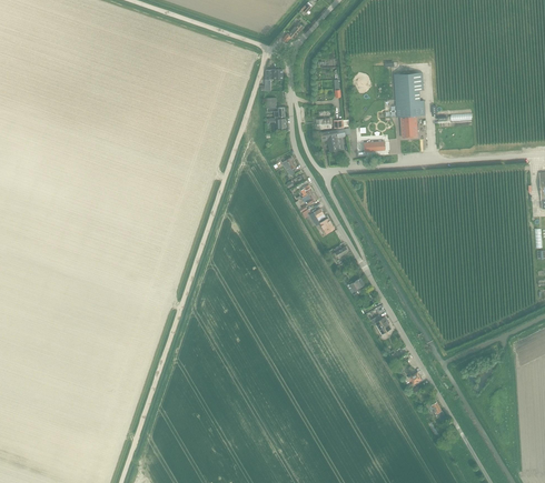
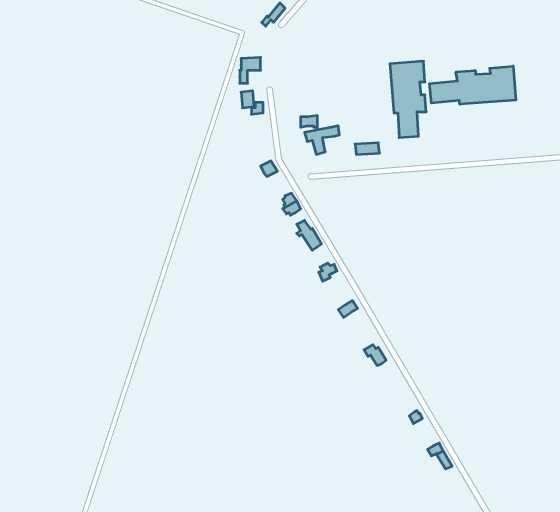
building: none -> [430,66,516,104]

